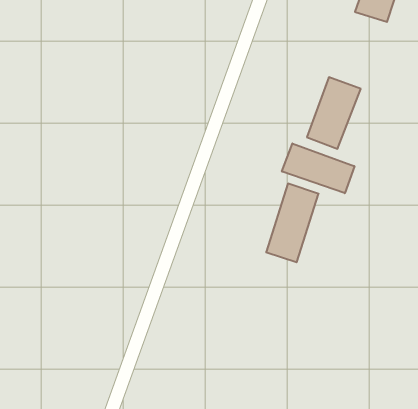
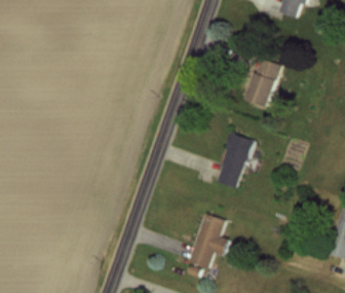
building: [282,143,354,193] -> none
building: none -> [188,213,228,267]

